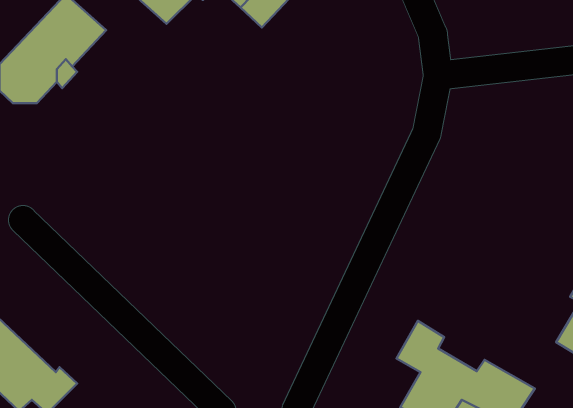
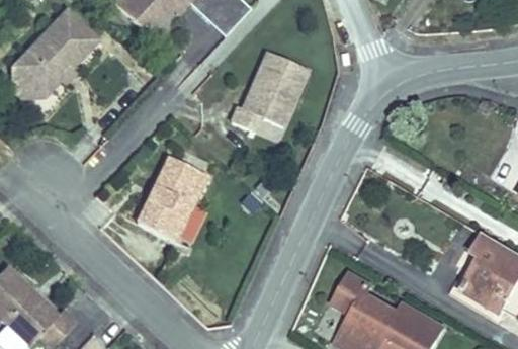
building: none -> [231,52,308,132]
building: none -> [136,156,206,241]

